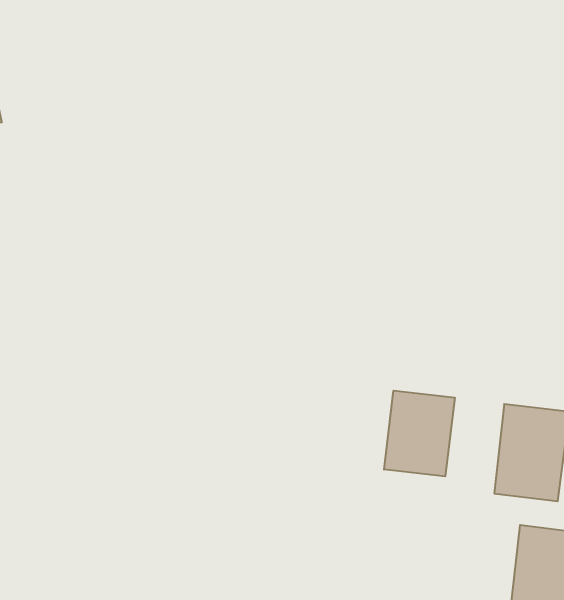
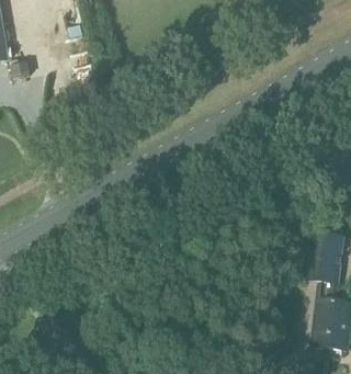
building: [384,391,455,476] -> none

